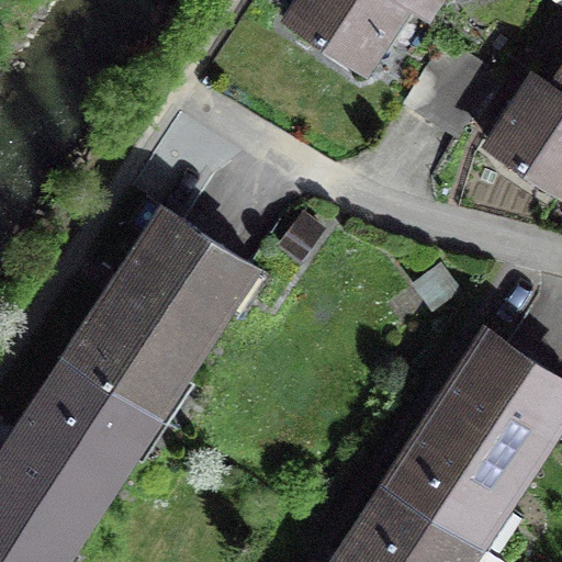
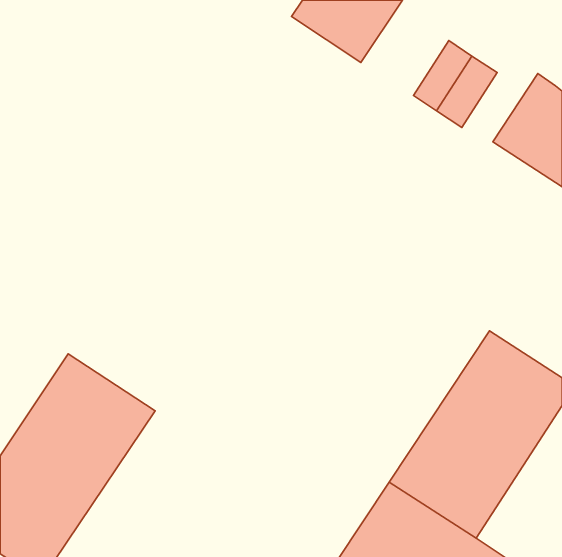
building: [68,210,254,415] -> none

